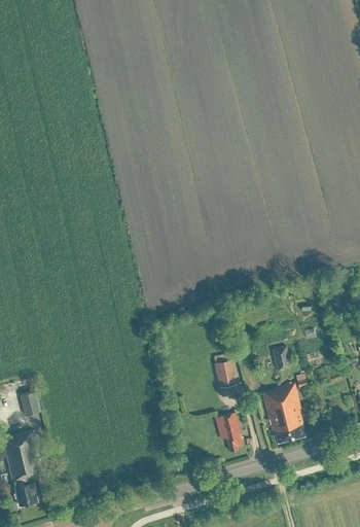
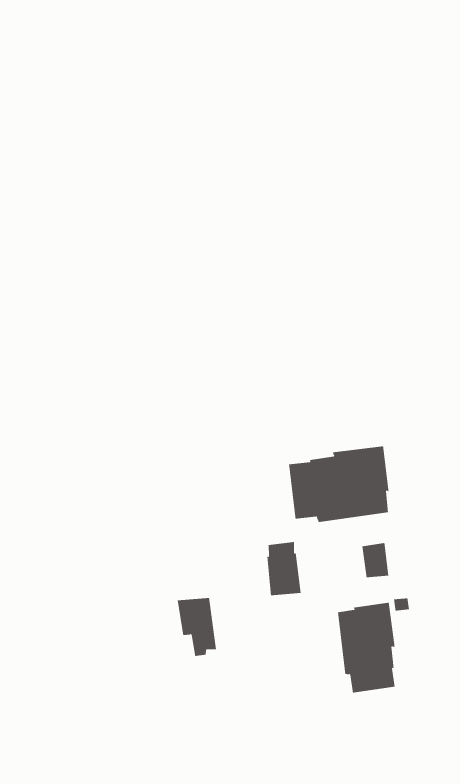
building: none -> [289,445,389,523]
building: [215,413,244,451] -> [177,598,217,657]

